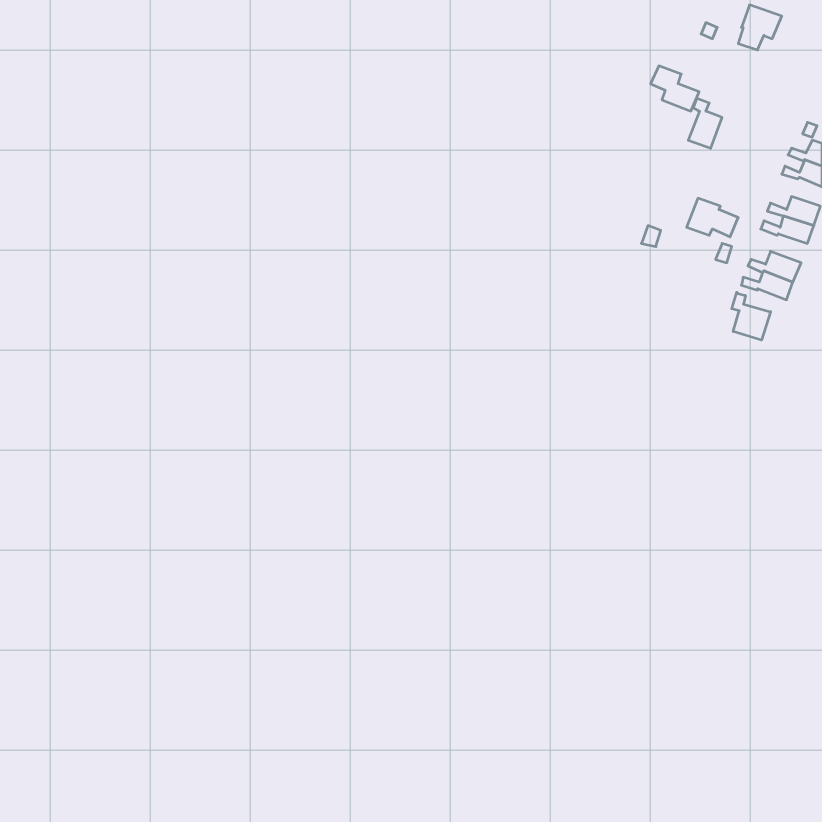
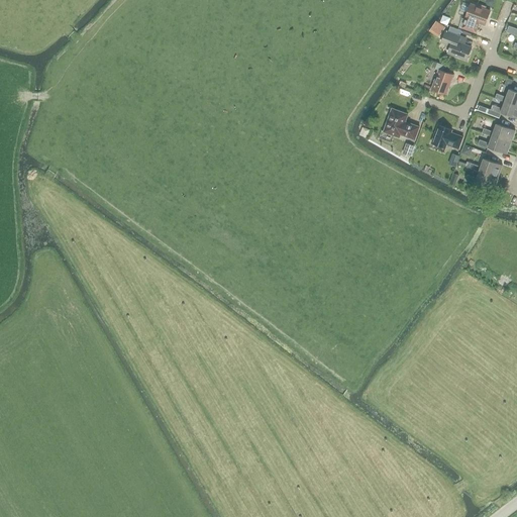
building: [651,66,699,111] -> [440,30,471,59]
building: none -> [383,107,419,138]
building: [732,292,771,340] -> none

